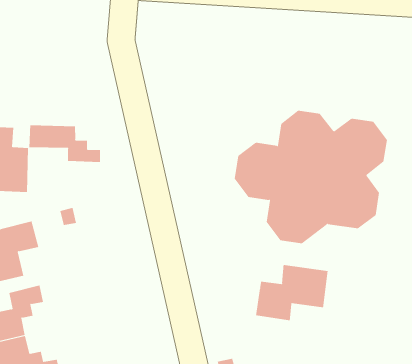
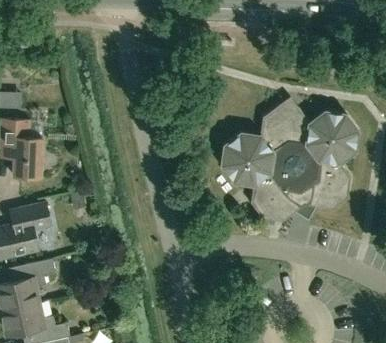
building: [29,125,101,163] -> none
building: [256,264,328,321] -> none

